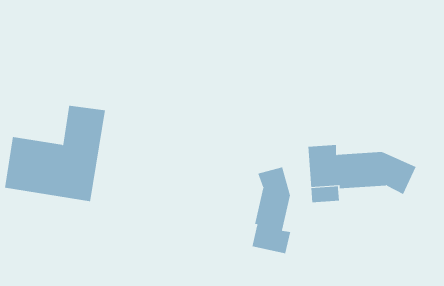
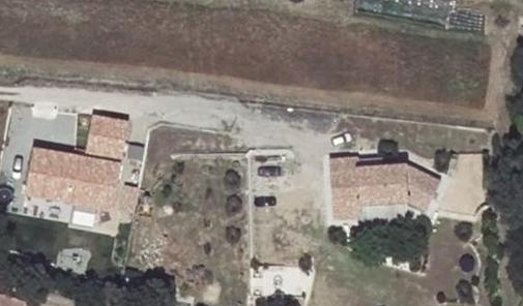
building: [252,166,291,254] -> none

